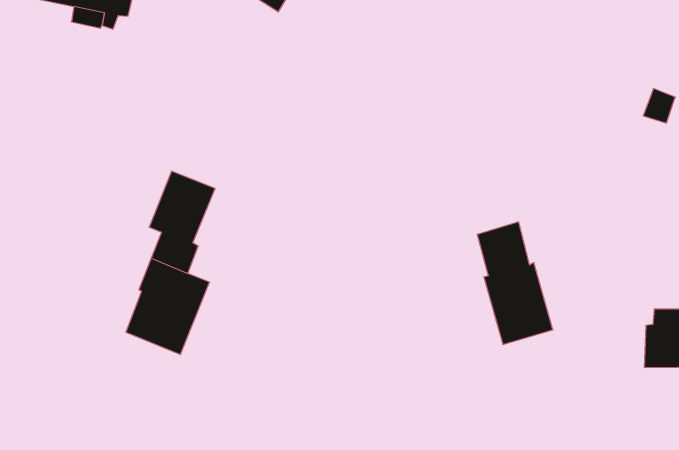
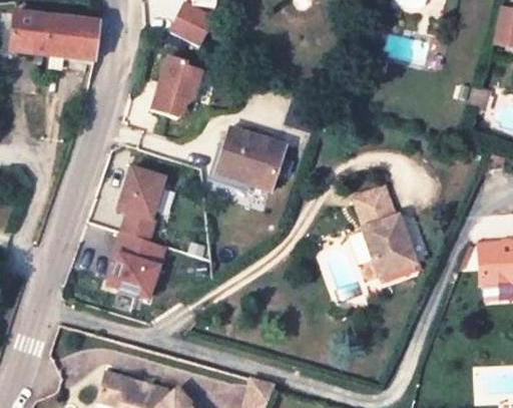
building: none -> [150,57,201,119]
building: none -> [215,128,283,189]

